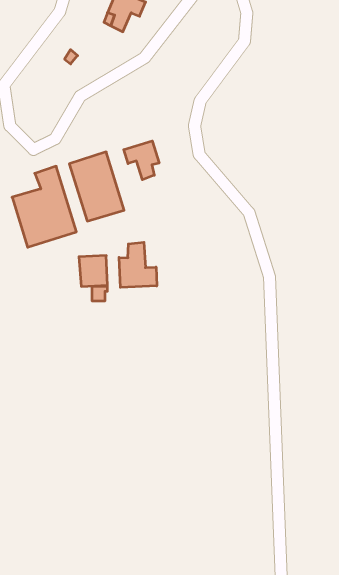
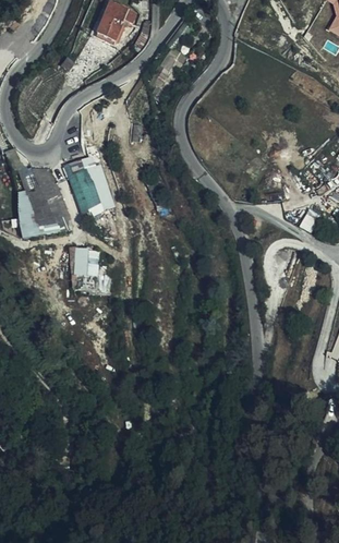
building: [124,141,159,180] -> none
building: [119,242,157,287] -> none

